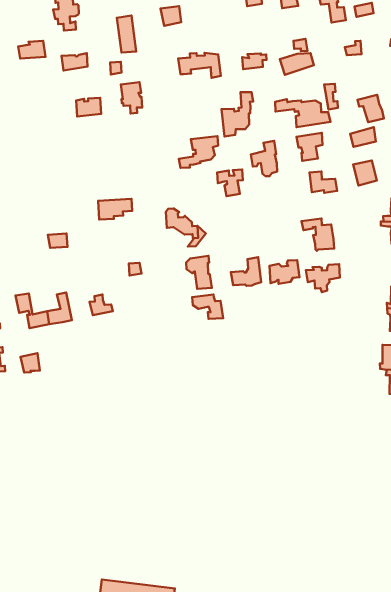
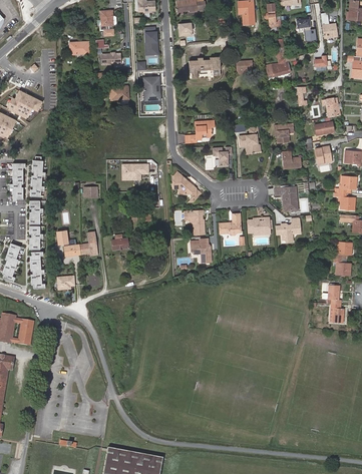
building: [221,92,253,137] -> none
building: [275,99,330,127] -> none

